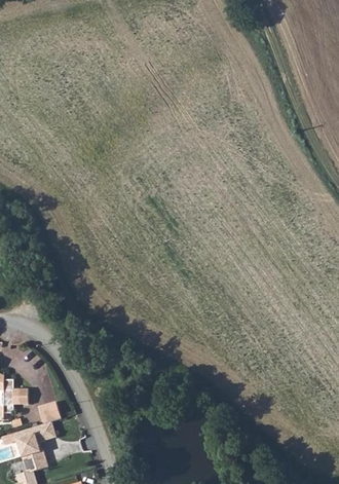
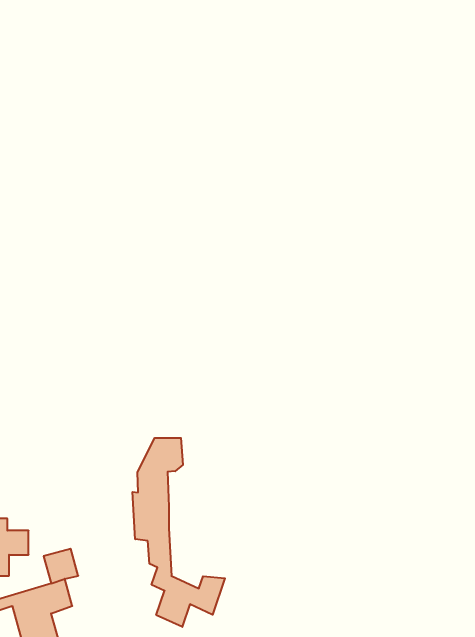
building: none -> [133,438,225,627]

